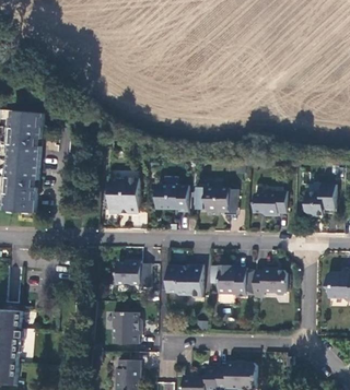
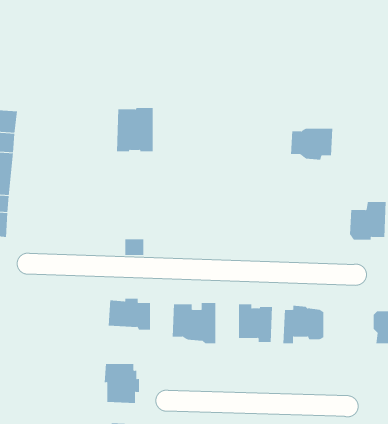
building: [108,177,138,212] -> [116,107,154,152]
building: [195,182,236,213] -> none
building: [154,184,187,210] -> none
building: [252,191,285,216] -> [290,128,333,160]

